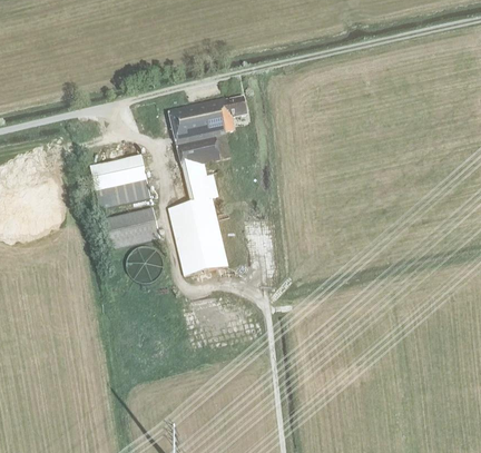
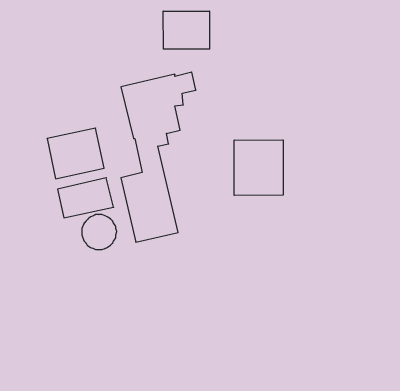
building: none -> [163,11,210,49]
building: none -> [234,140,283,195]

